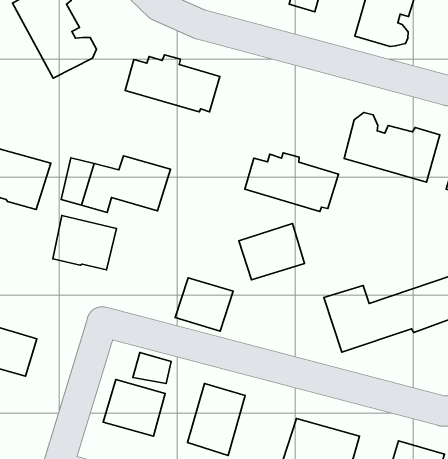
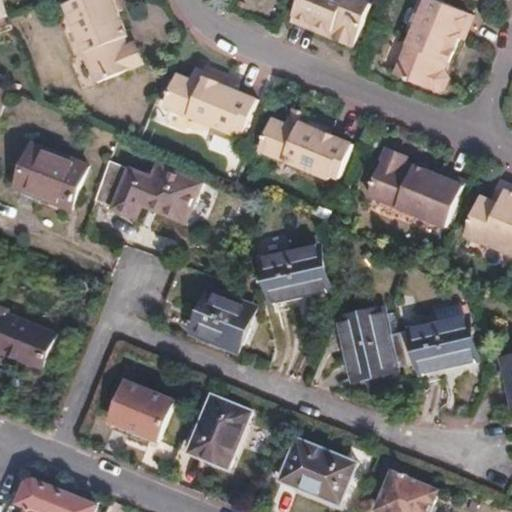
building: [245,153,338,212] -> [261,118,353,179]
building: [53,216,116,270] -> none
building: [133,352,171,383] -> none

